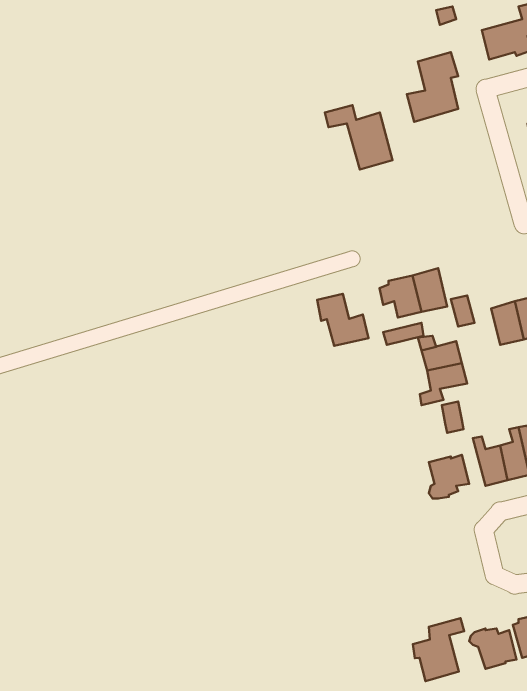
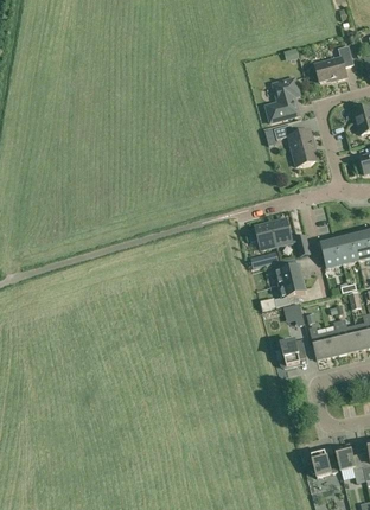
building: [325,105,393,169] -> [275,123,319,165]
building: [317,294,368,346] -> none
building: [413,618,464,681] -> none

